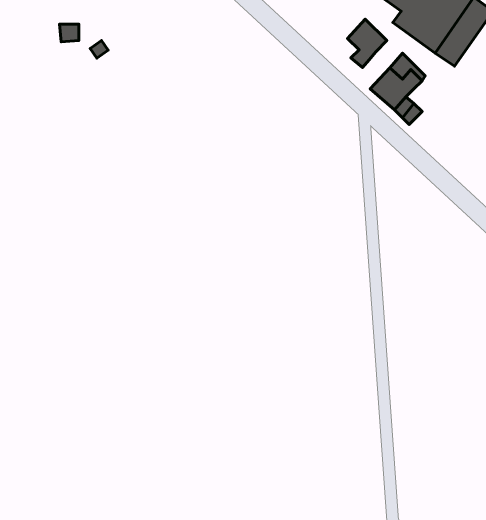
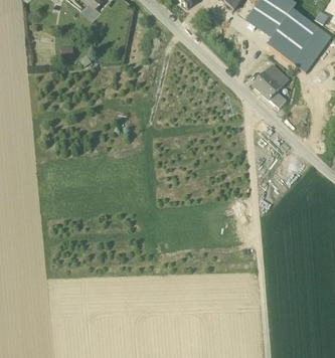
building: [347,19,387,68] -> none

